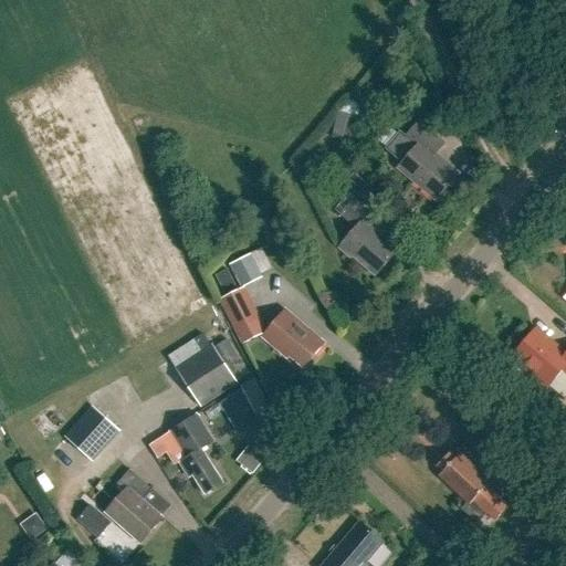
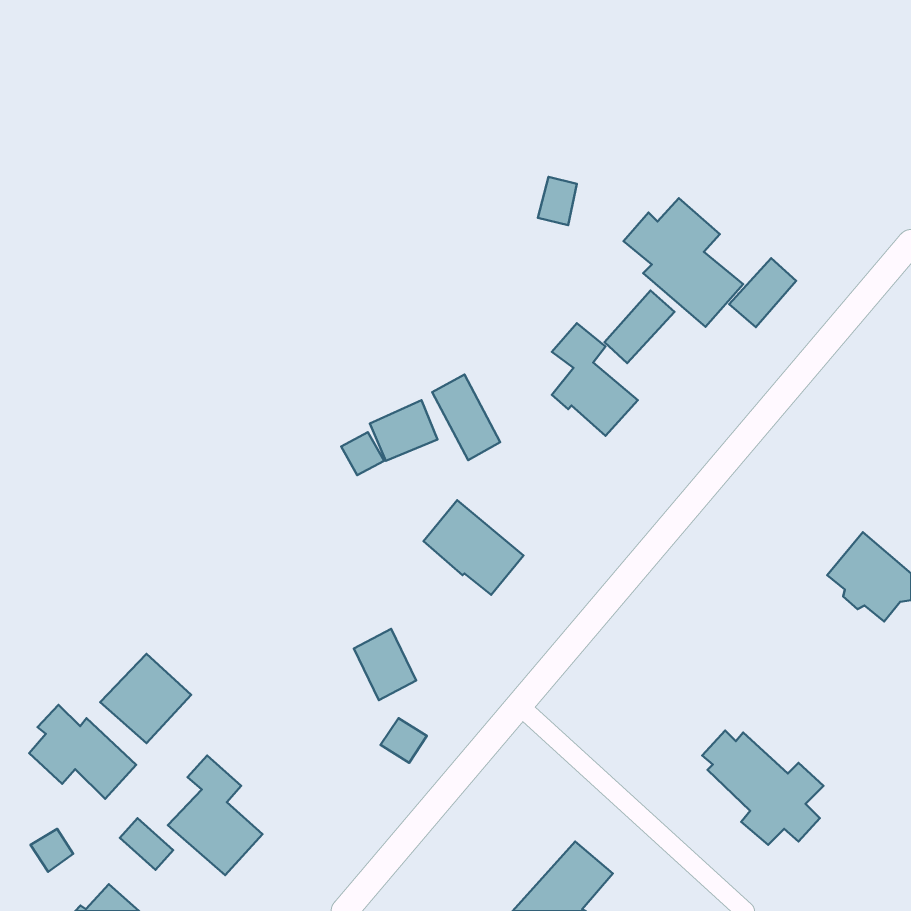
building: none -> [729,258,796,327]
building: none -> [605,291,675,363]
building: [220,289,262,342] -> [432,374,500,460]
building: [174,344,237,407] -> none
building: [167,416,221,494] -> none
building: none -> [29,705,136,799]

